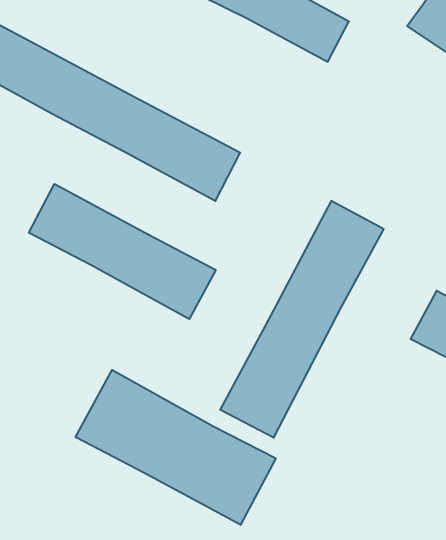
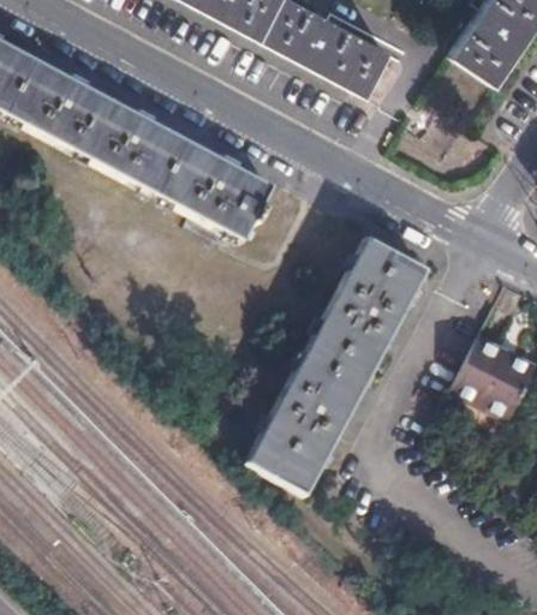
building: [29,184,216,319] -> none
building: [76,370,276,525] -> none

